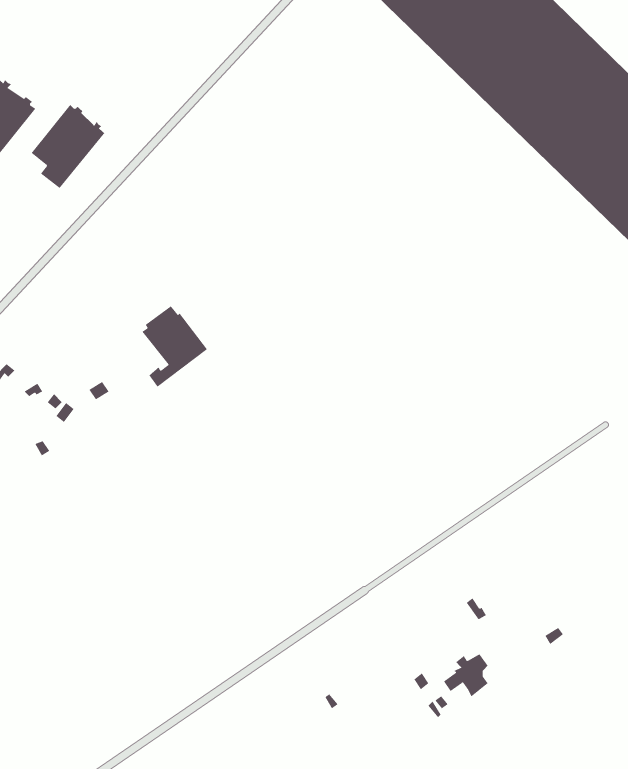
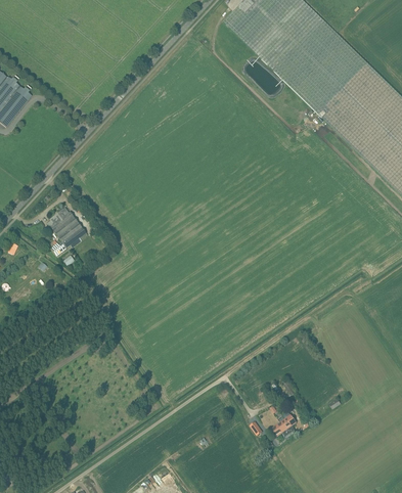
building: [31,104,106,189] -> none
building: [141,306,208,388] -> [46,207,85,255]

